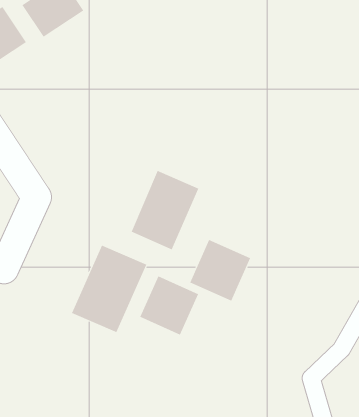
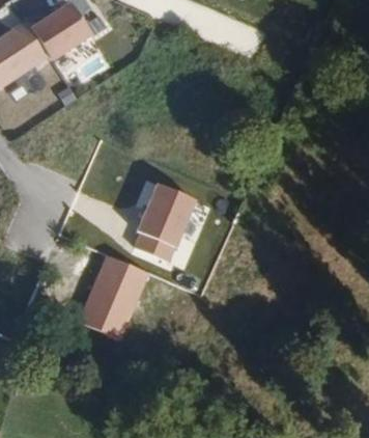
building: [190,239,251,301] -> none
building: [140,275,199,335] -> none

